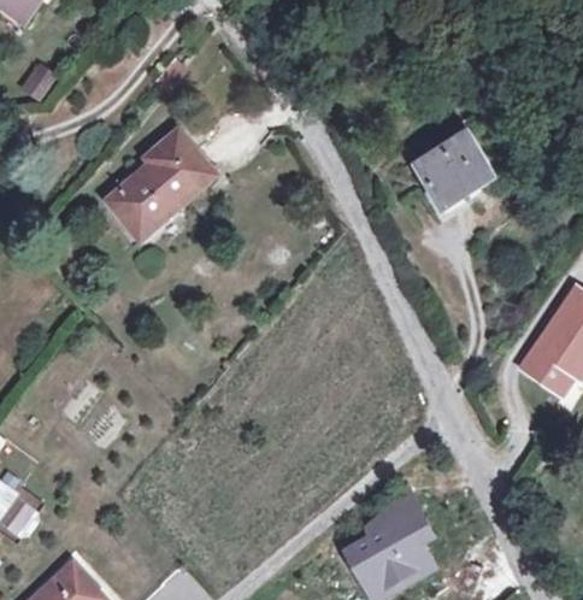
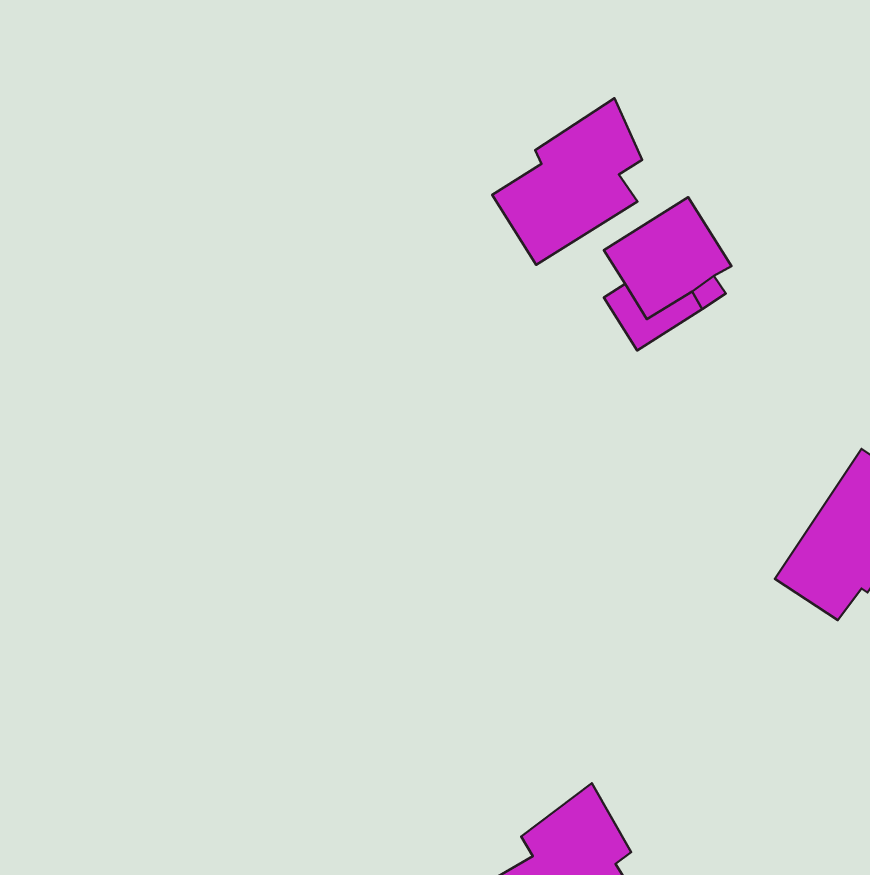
building: none -> [492,98,642,265]
building: [107,131,213,237] -> none

